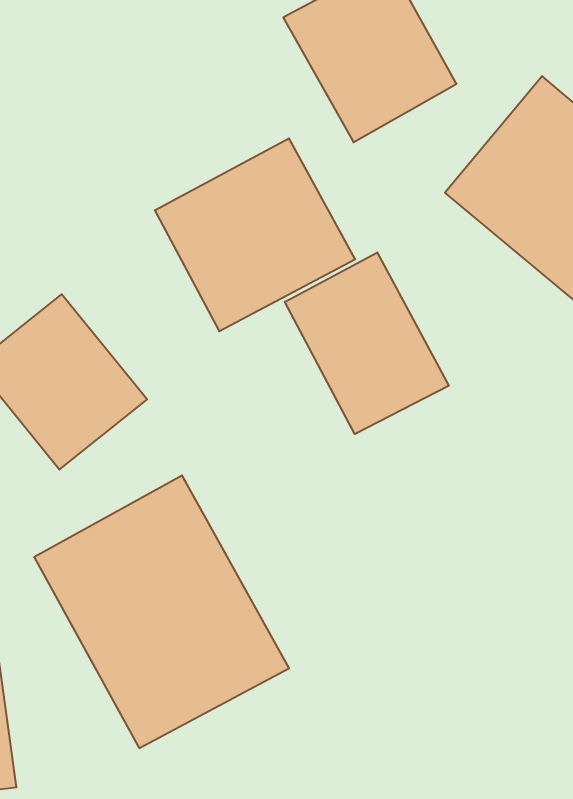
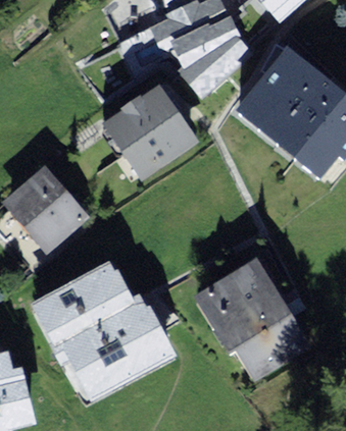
building: [285,252,449,434] -> none
building: none -> [189,259,300,385]

